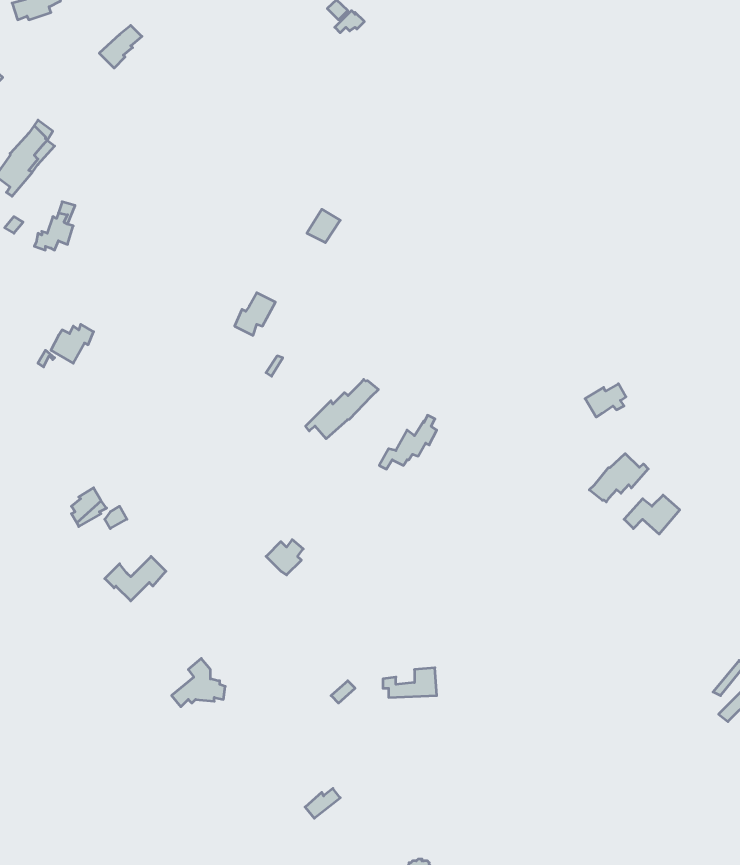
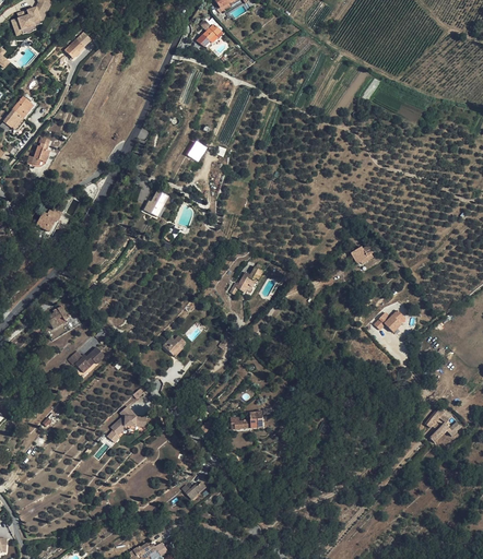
building: [306,379,378,439] -> none
building: [589,454,648,502] -> none

